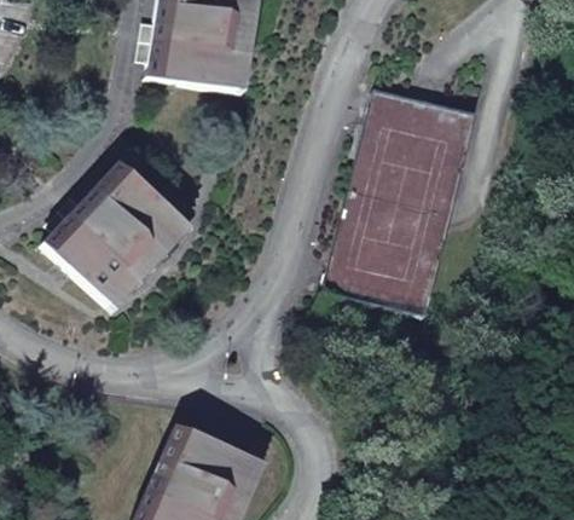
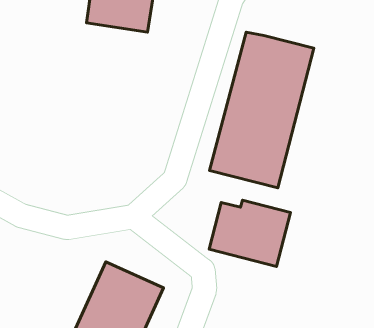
building: [47,158,187,302] -> none
building: none -> [209,200,290,266]

